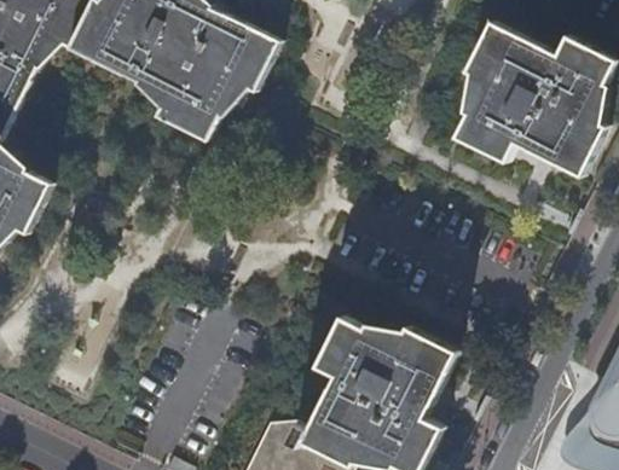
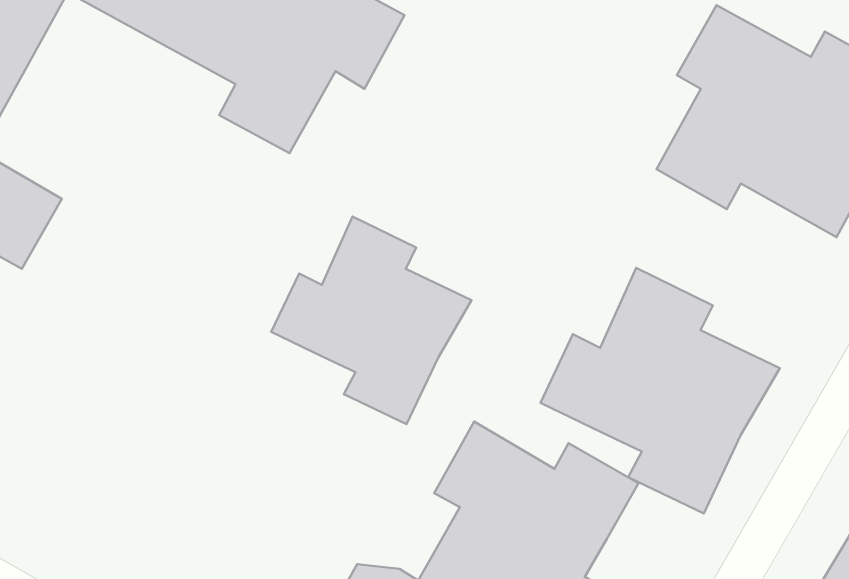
building: none -> [271,216,471,424]
building: none -> [540,268,780,514]

